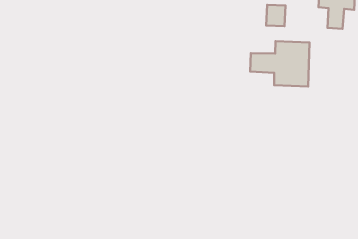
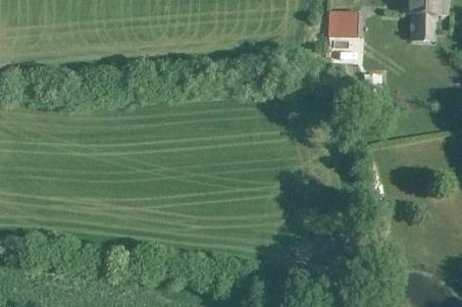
building: [250,41,310,87] -> none

